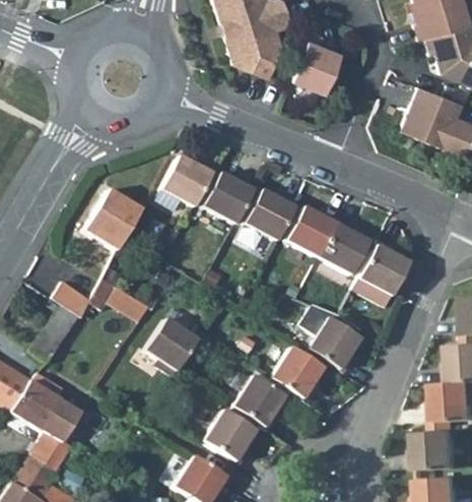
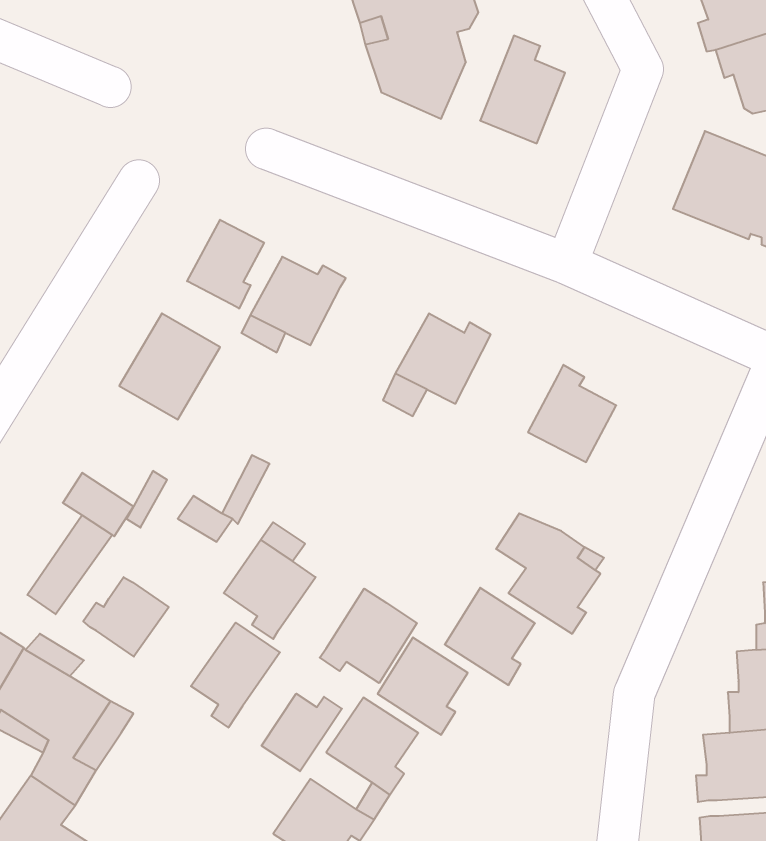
building: none -> [187,220,264,309]
building: [202,173,256,224] -> none
building: [285,206,339,257] -> none
building: [352,239,409,306] -> none
building: none -> [83,577,169,657]
building: none -> [320,589,417,683]
building: none -> [191,623,280,728]
building: none -> [262,694,342,771]

